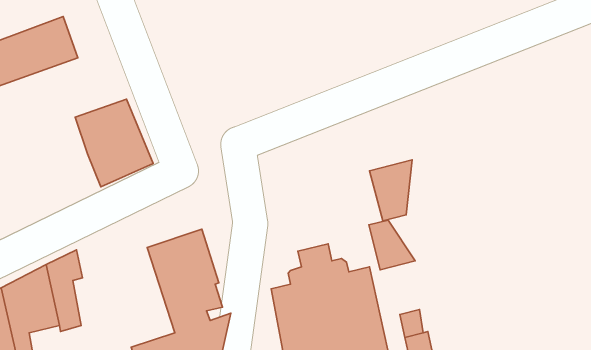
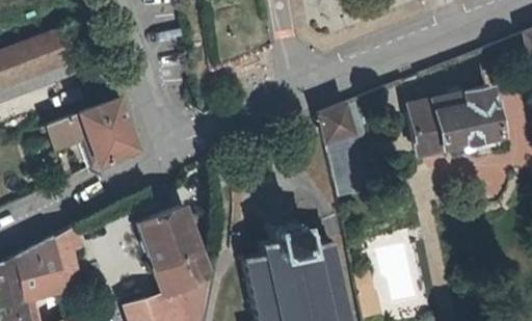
building: none -> [405,81,512,156]
building: none -> [318,99,367,151]
building: none -> [45,109,87,153]
building: [369,220,415,270] -> none

